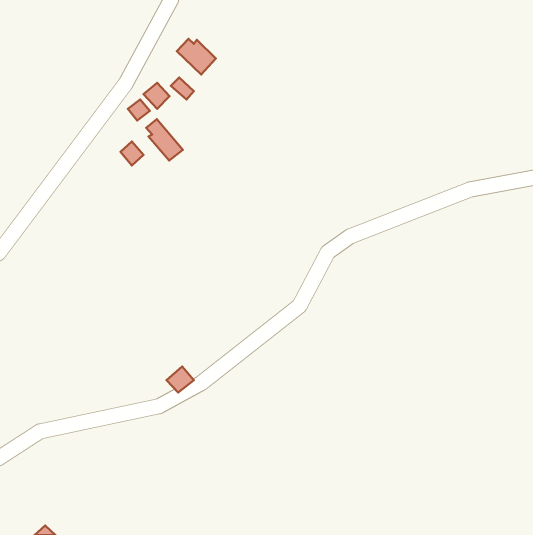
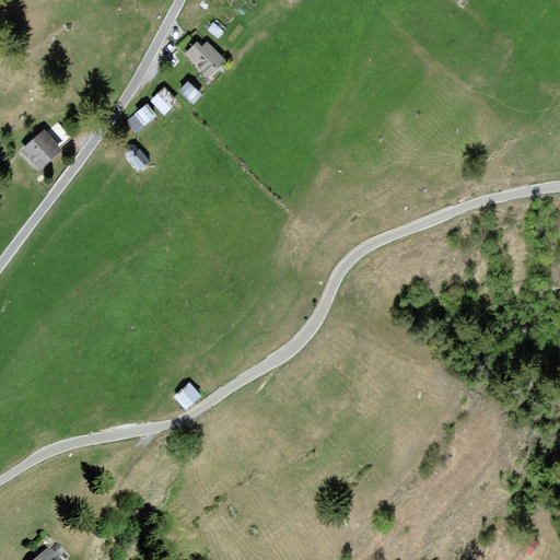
building: [146,119,183,161] -> none
building: none -> [18,128,63,173]

